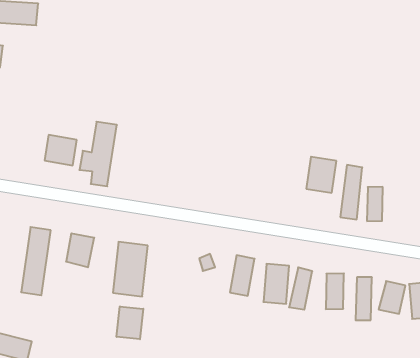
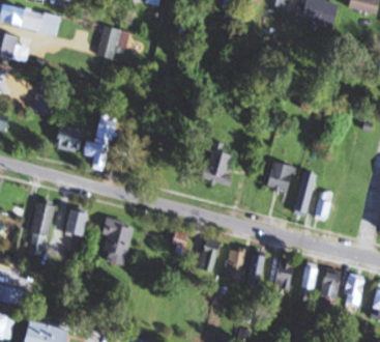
building: none -> [96,27,119,59]
building: none -> [207,144,231,183]
building: [117,306,143,339] -> none

